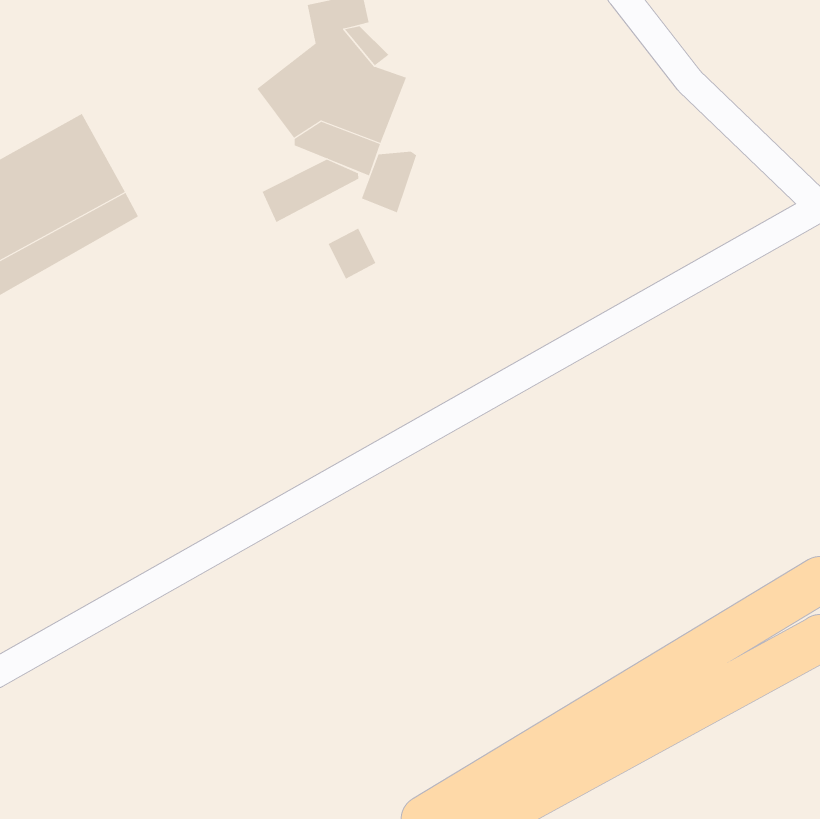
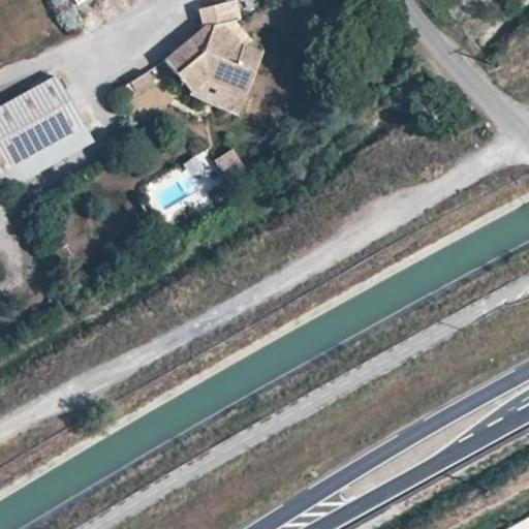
building: [361,151,417,213] -> none
building: [262,159,359,223] -> none

